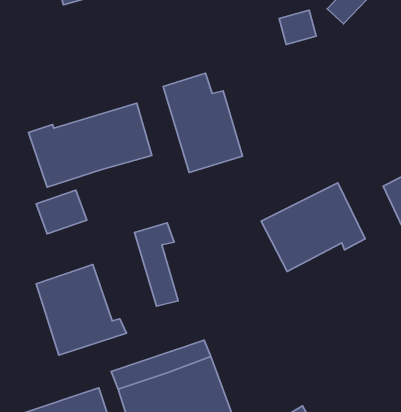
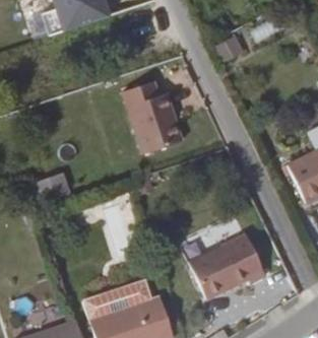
building: [28,103,152,187] -> none
building: [261,183,365,271] -> [191,235,268,301]
building: [36,265,126,355] -> none

